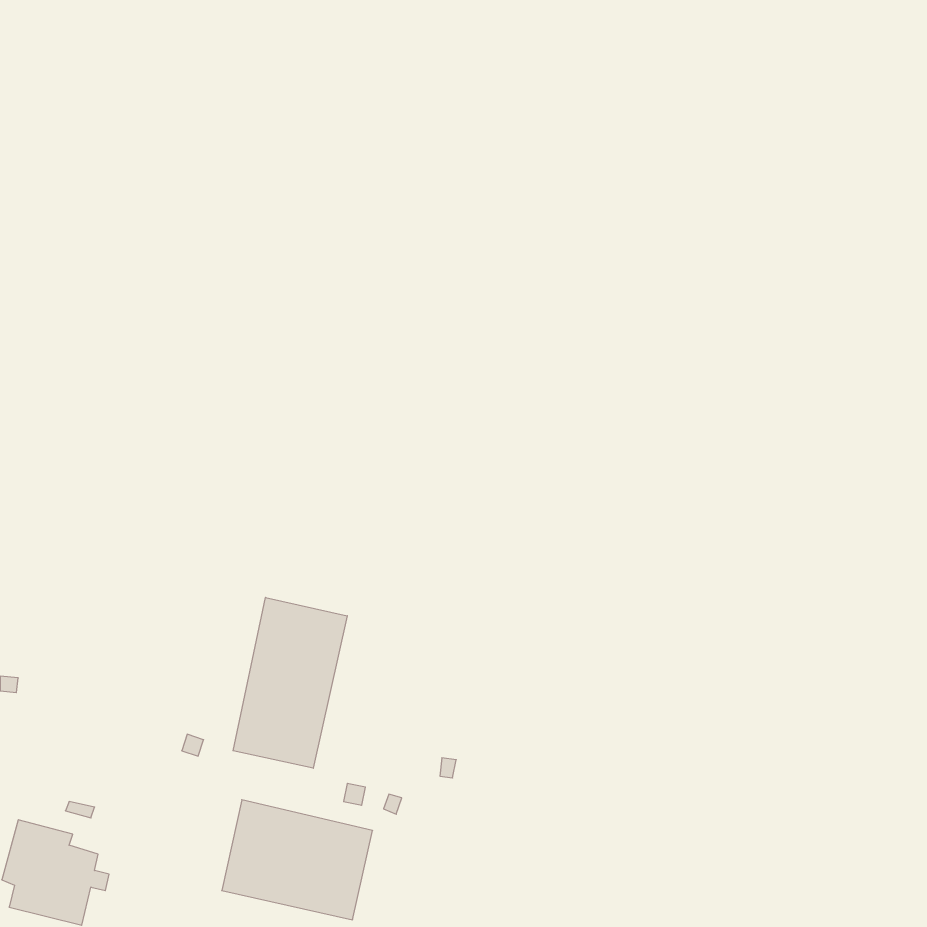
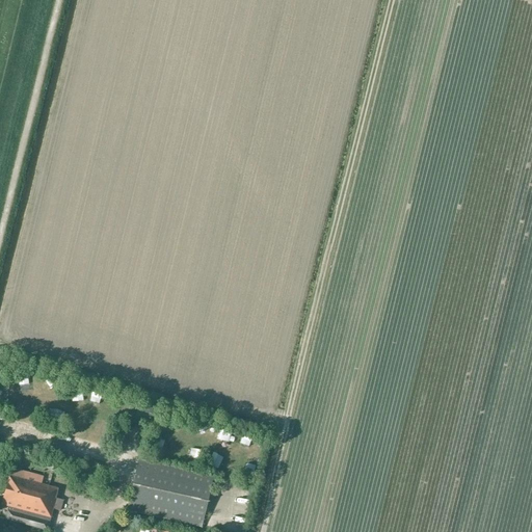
building: [233,597,347,768] -> none

